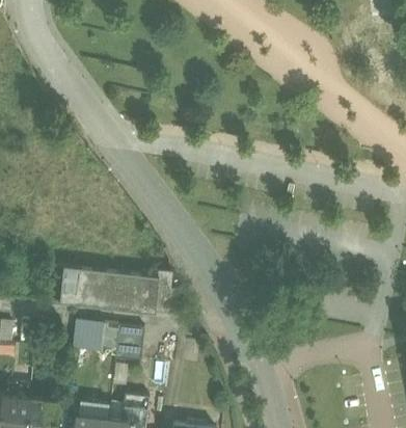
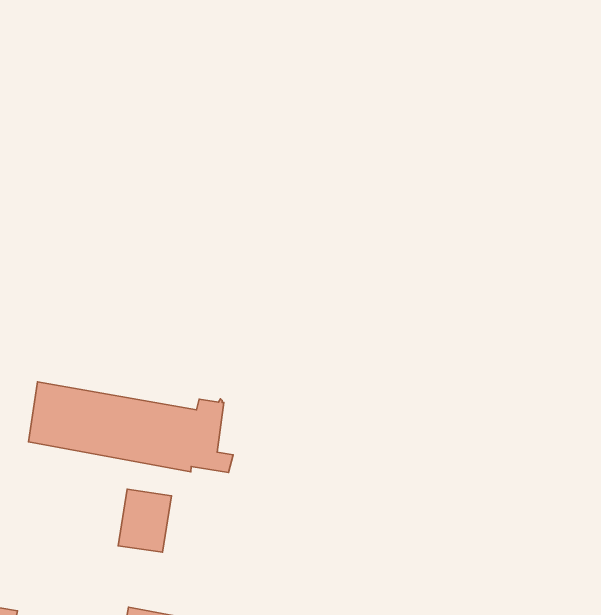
building: [72,321,102,351] -> none

